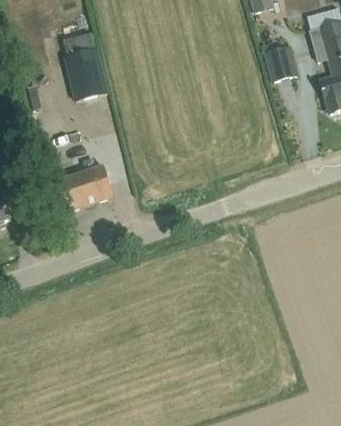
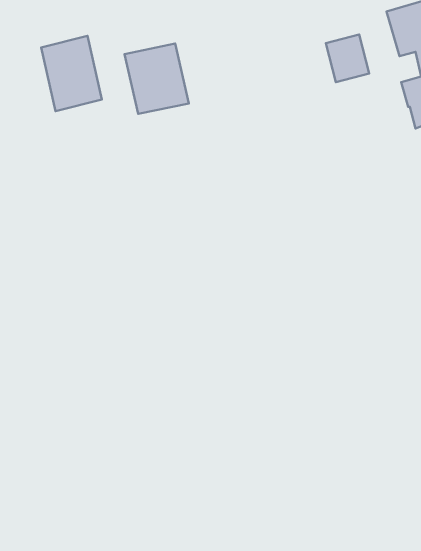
building: none -> [125,44,189,114]
building: [58,163,114,209] -> none

